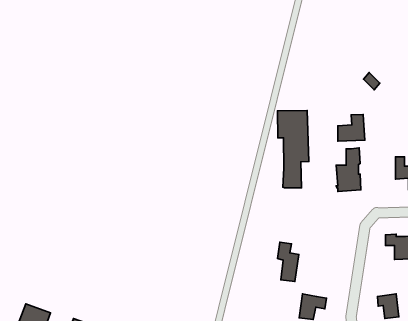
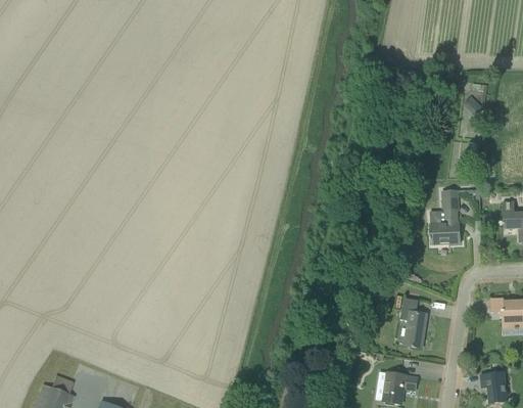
building: [277,110,309,188] -> none
building: [338,114,365,141] -> none
building: [277,242,299,281] -> [400,298,427,347]

